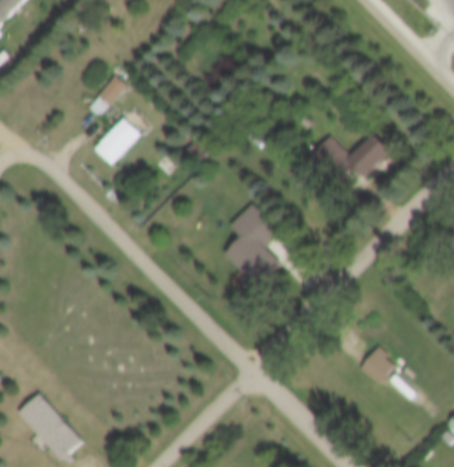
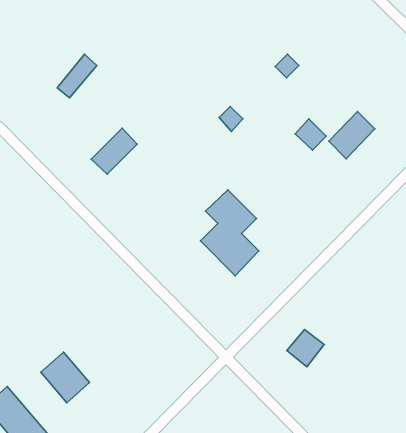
building: [95,119,139,163] -> [91,128,137,174]
building: [359,349,394,385] -> [287,329,324,367]
building: none -> [41,352,90,403]

